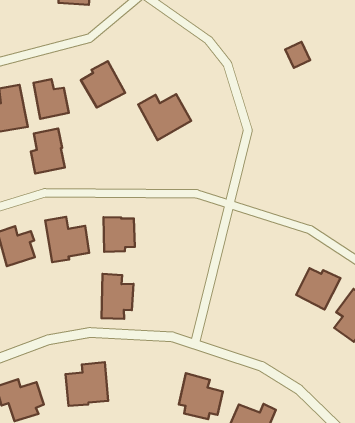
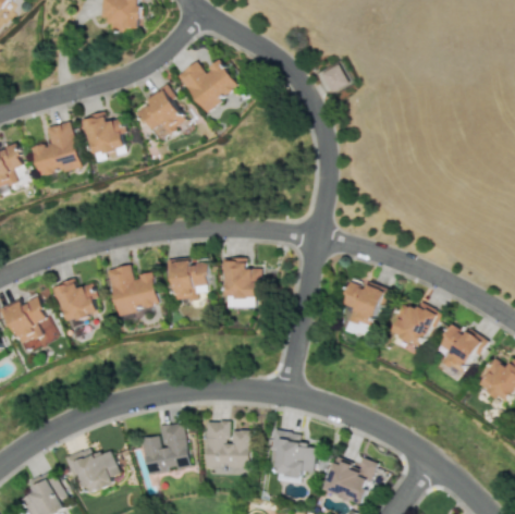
building: [285,42,310,68] -> [318,64,346,94]
building: [138,94,191,140] -> [179,60,238,112]
building: [31,129,65,174] -> none
building: none -> [344,281,387,338]
building: [102,274,133,319] -> [224,259,259,308]
building: none -> [205,421,249,468]

